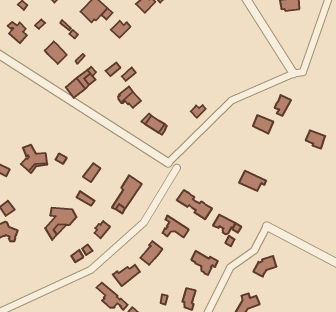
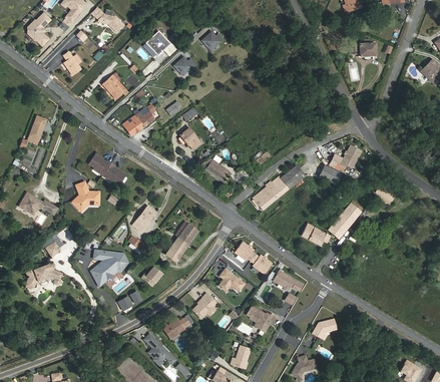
building: none -> [88,152,124,181]
building: none -> [253,165,305,210]
building: none -> [327,201,363,239]

